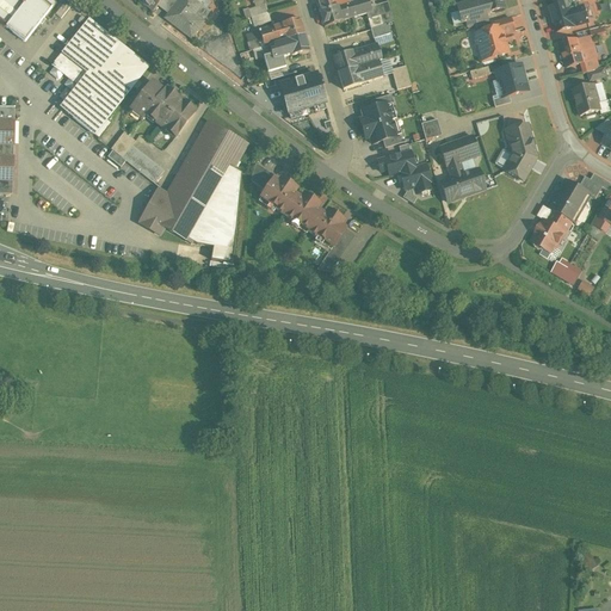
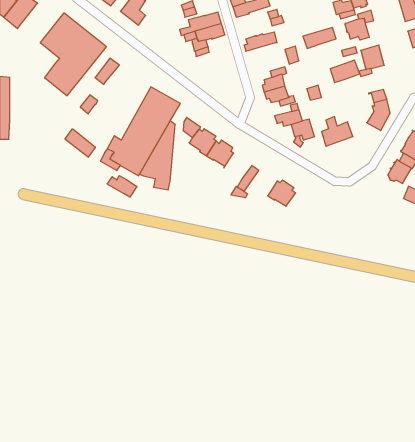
building: [338,58,383,87] -> [303,27,336,48]
building: [279,72,325,112] -> none
building: [146,87,196,136] -> none
building: [439,134,480,165] -> [330,60,360,83]
building: [122,143,163,181] -> [65,129,95,157]
building: [308,209,346,245] -> [268,180,296,206]
building: none -> [107,176,137,197]

